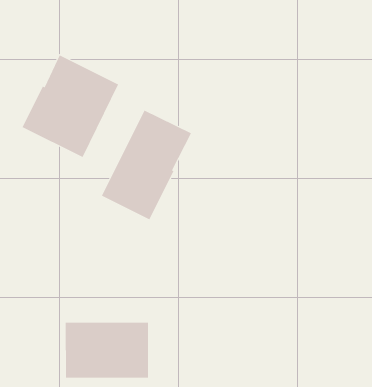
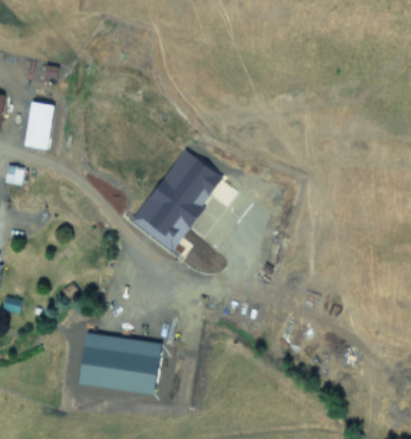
building: [22,55,119,158] -> none

